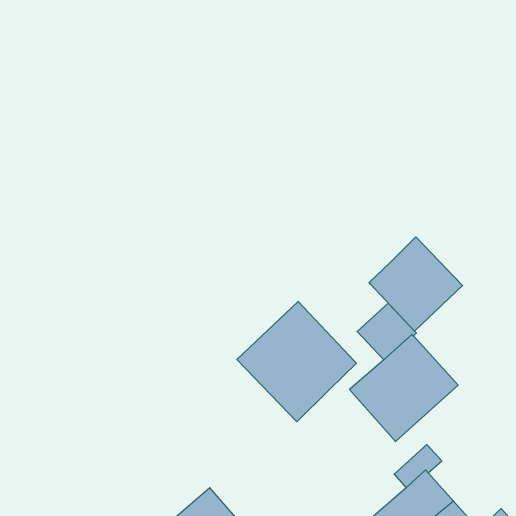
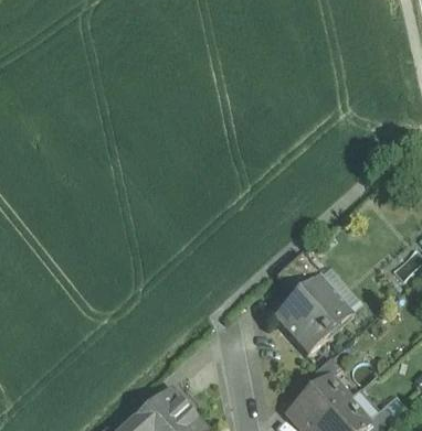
building: [369,237,463,331] -> none
building: [237,301,356,422] -> none

